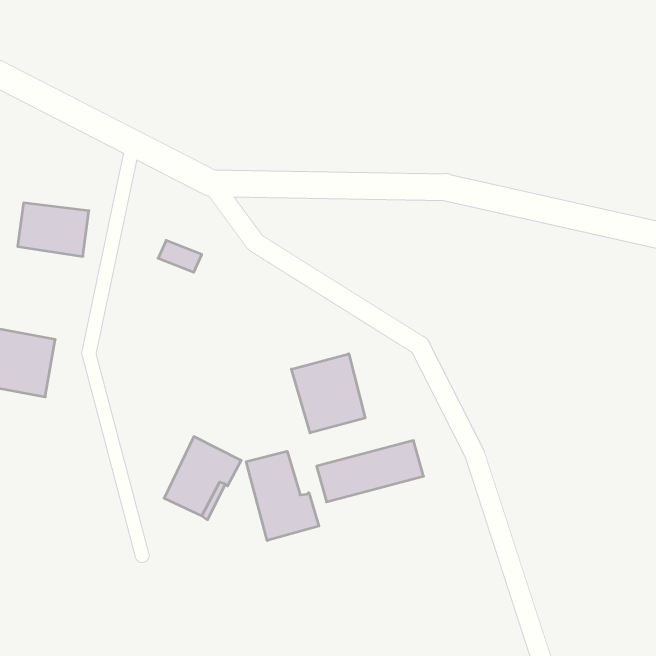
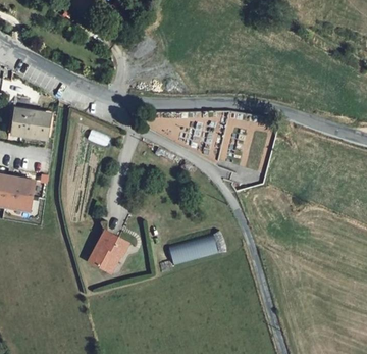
building: [291,354,365,433] -> none
building: [246,451,319,541] -> none

